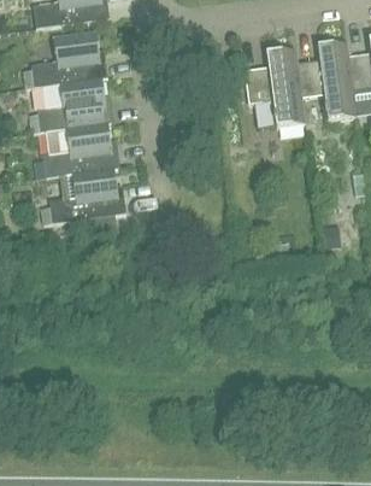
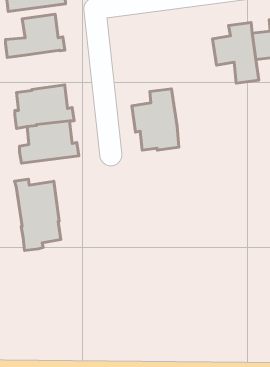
building: [243,46,304,124] -> [132,89,179,150]
building: [30,75,113,130] -> none
building: none -> [15,179,61,251]

